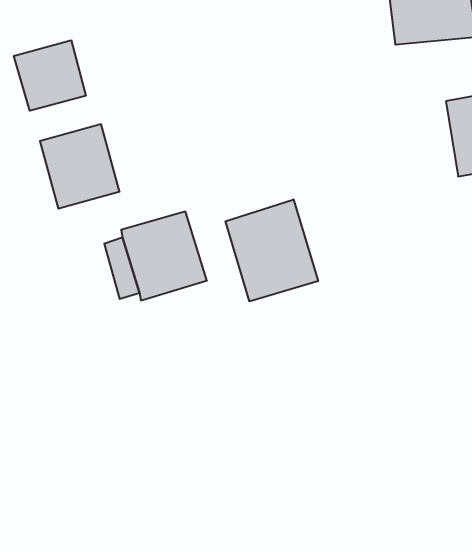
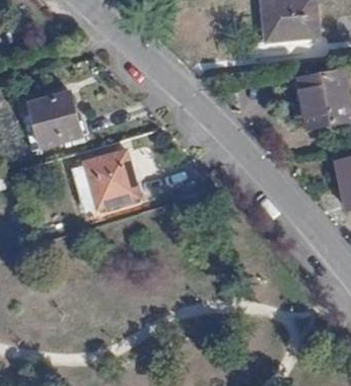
building: [14,40,86,111] -> none
building: [226,199,318,301] -> none

